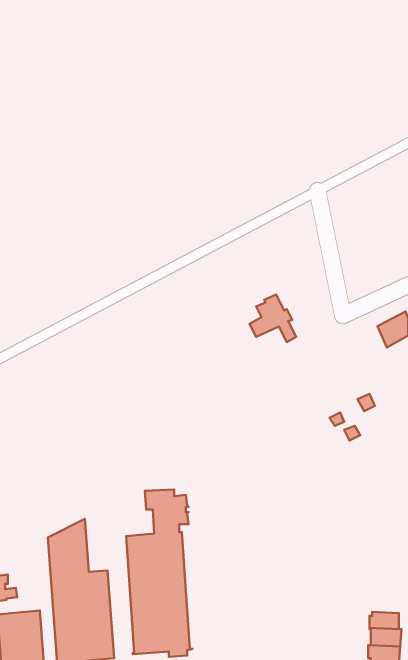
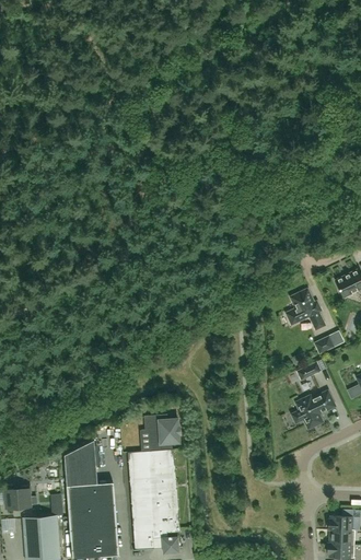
building: [250,294,296,342] -> [286,290,324,329]
building: none -> [291,390,335,430]

